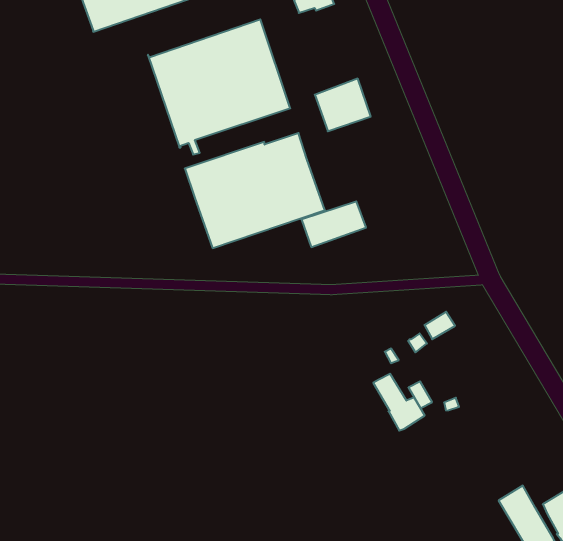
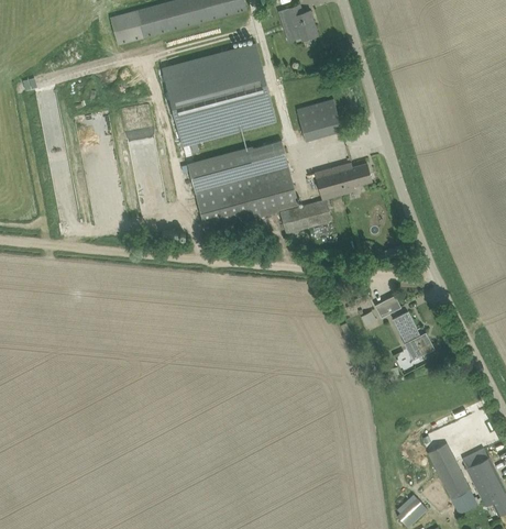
building: none -> [314,162,371,220]
building: [373,374,425,431] -> [393,311,433,359]

